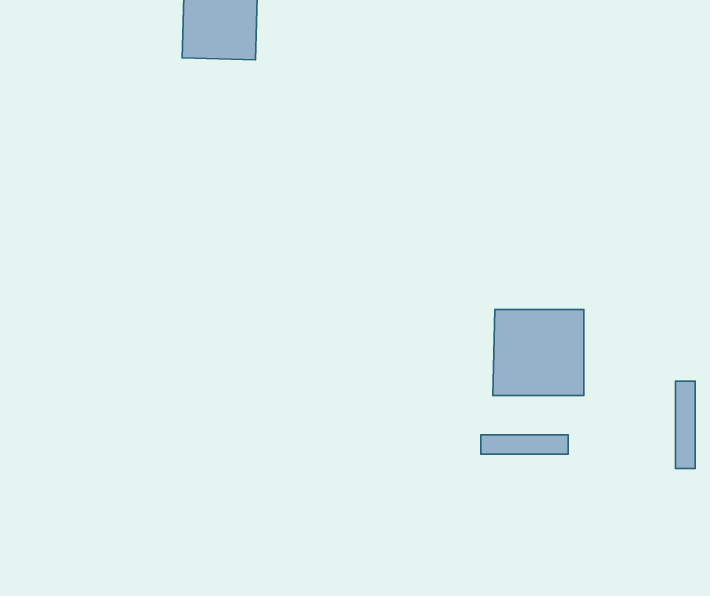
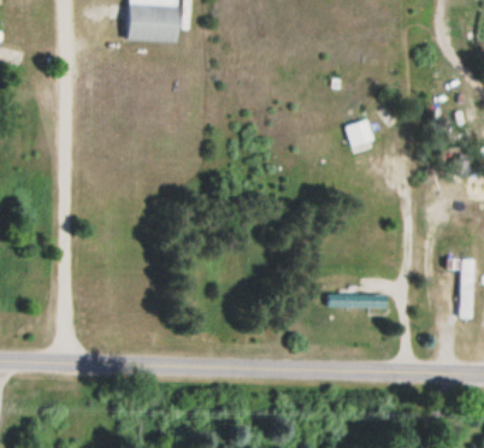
building: none -> [346,119,374,147]
building: [493,309,584,396] -> none

